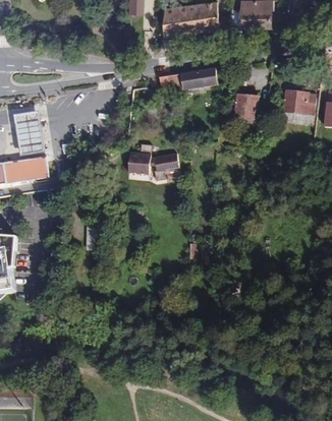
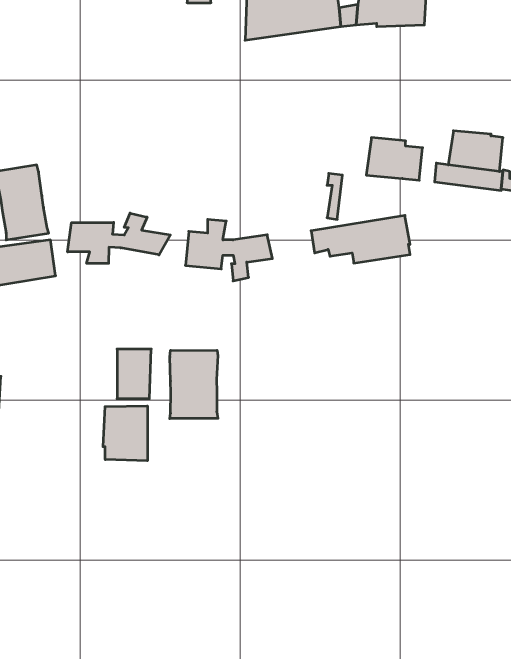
building: [159,68,218,97] -> [311,215,410,263]
building: none -> [68,213,170,263]
building: none -> [170,350,218,419]
building: none -> [103,406,147,461]

